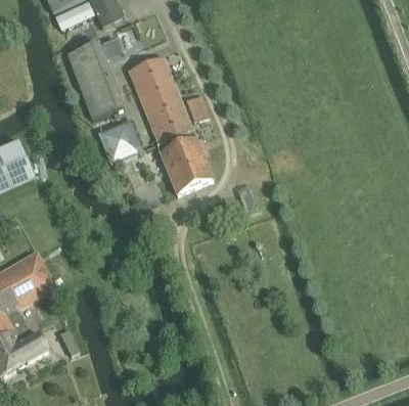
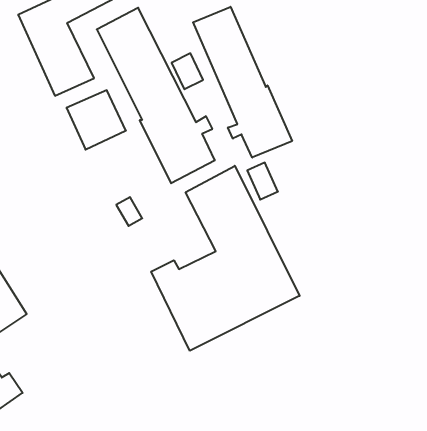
building: none -> [193,7,292,158]
building: none -> [151,166,300,351]

